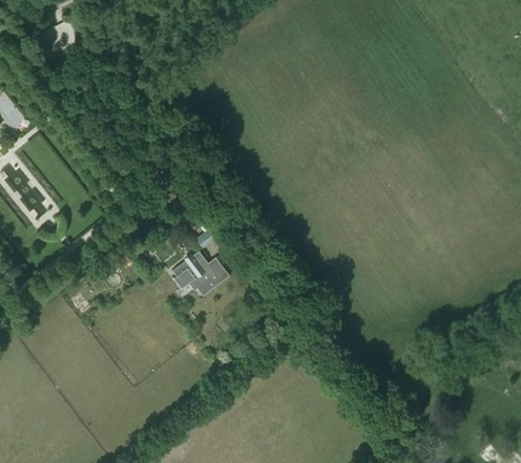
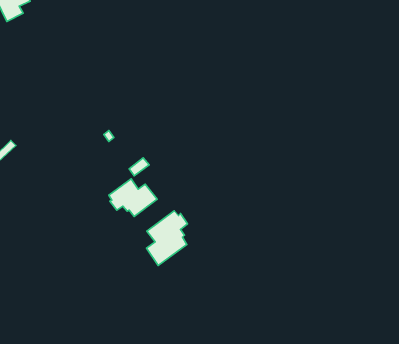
building: none -> [147,211,187,266]

